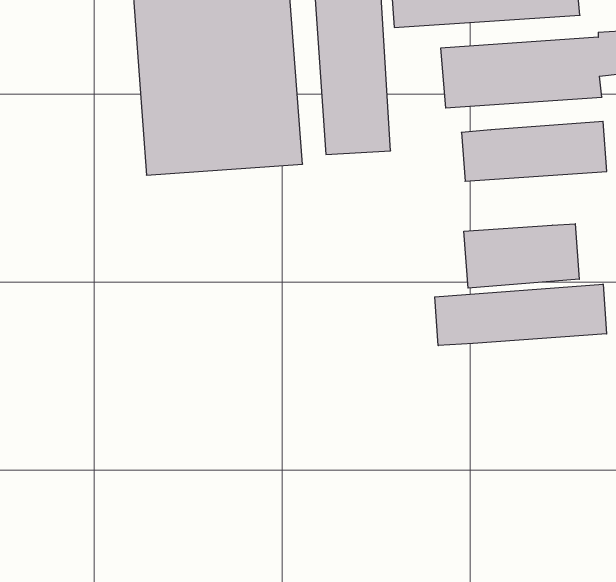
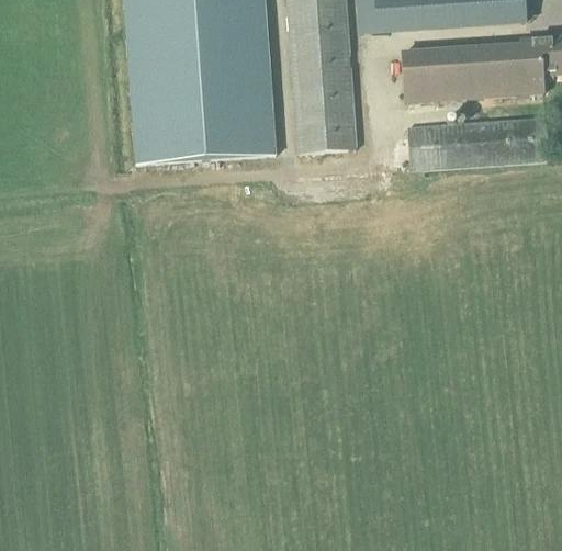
building: [464,224,579,288] -> none
building: [435,284,607,346] -> none

